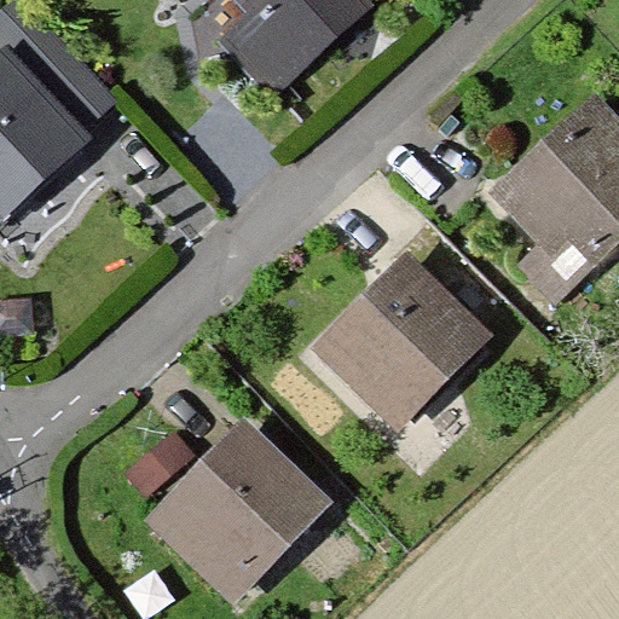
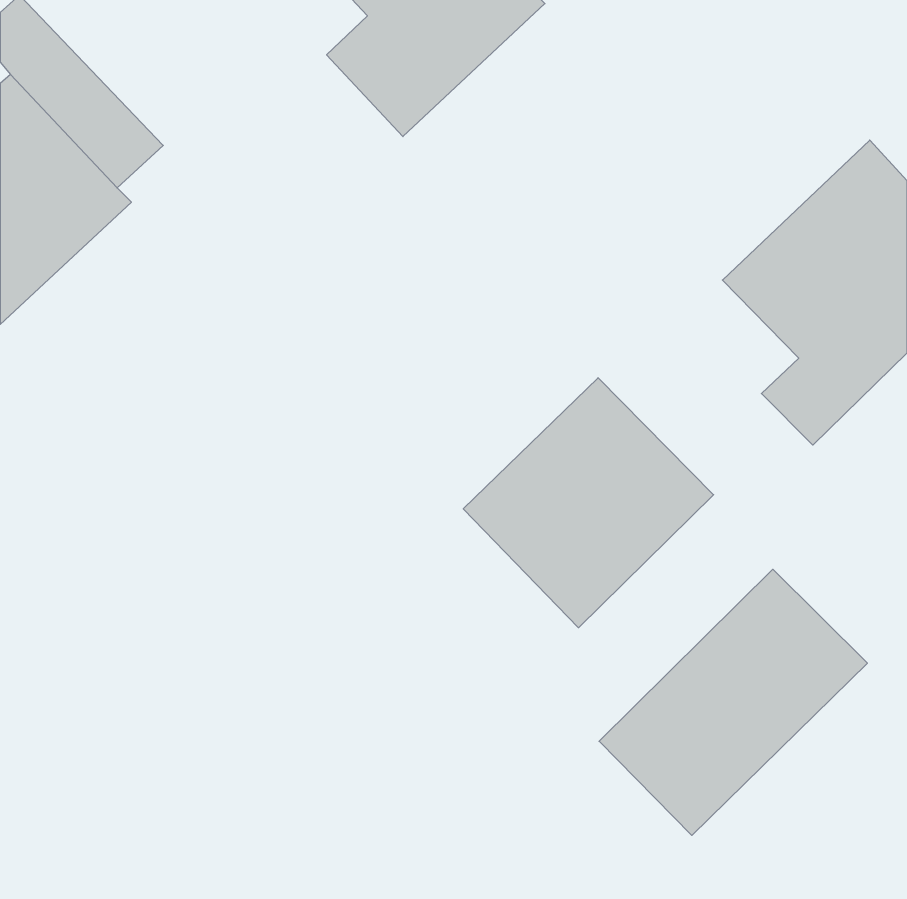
building: none -> [599,569,867,835]
building: [146,422,325,601] -> none

